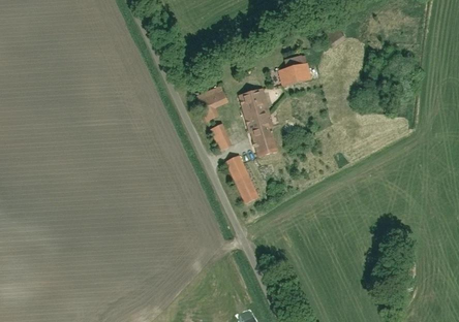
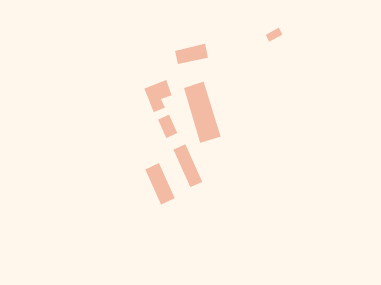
building: [274,64,311,87] -> [174,43,209,64]
building: none -> [144,162,175,205]

